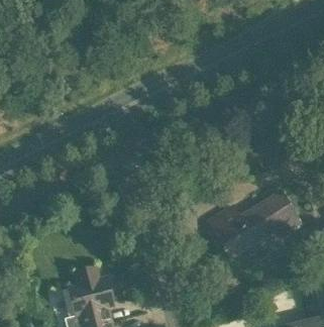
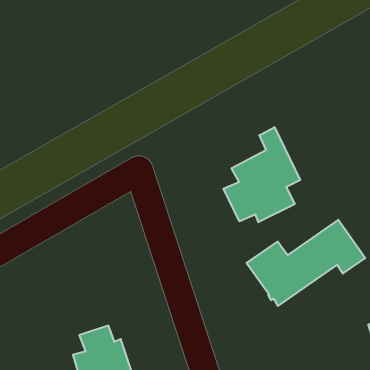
building: none -> [223,127,300,222]

